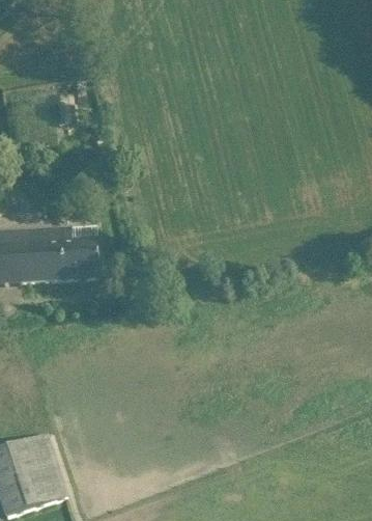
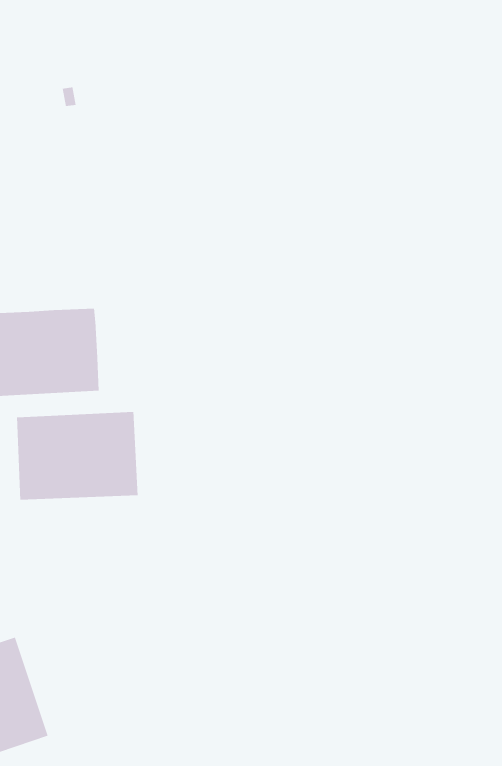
building: none -> [16,411,138,501]

